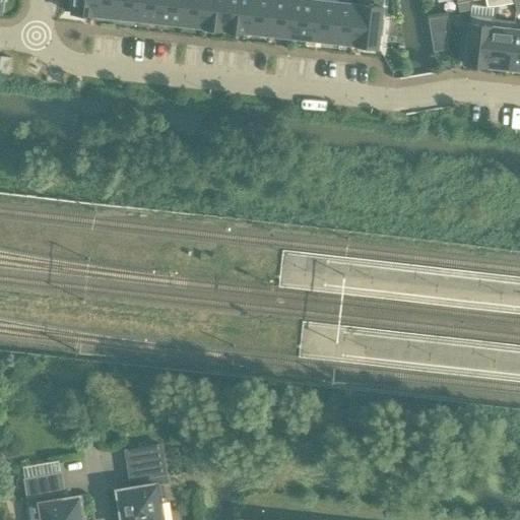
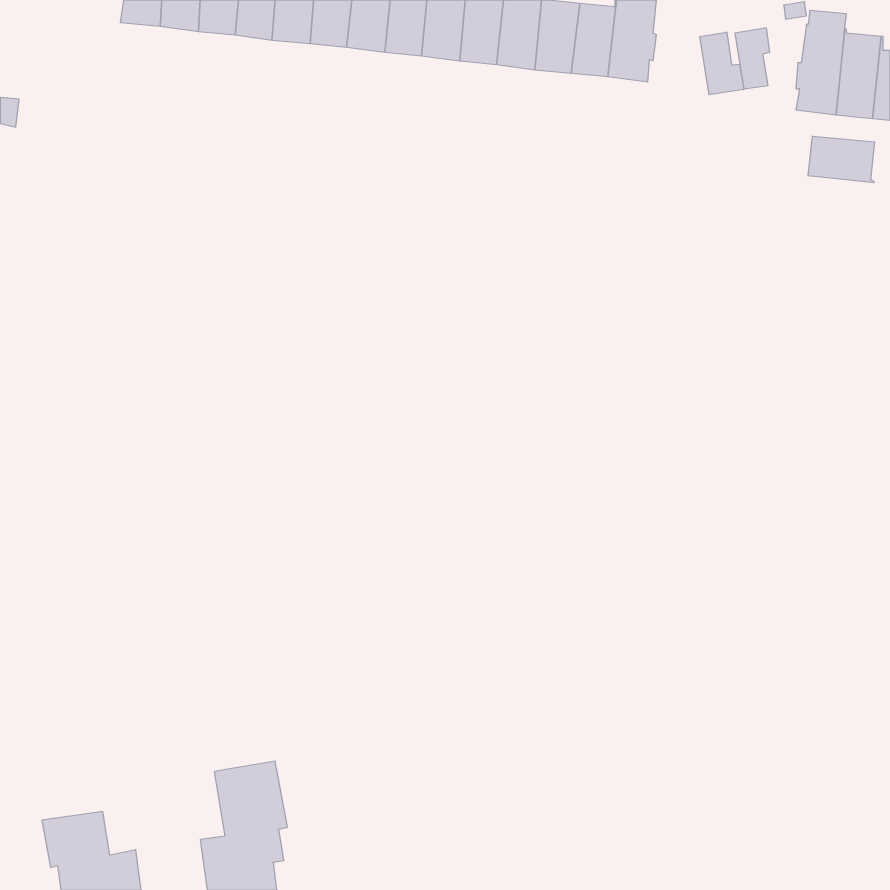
building: none -> [700,32,744,95]
building: none -> [808,136,875,183]

